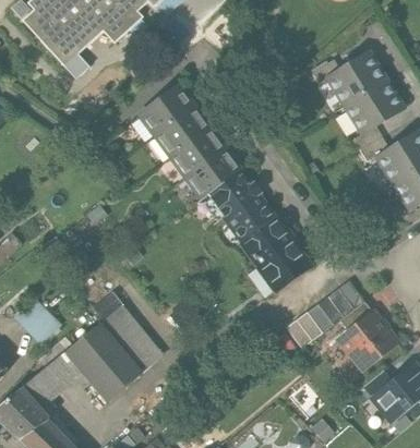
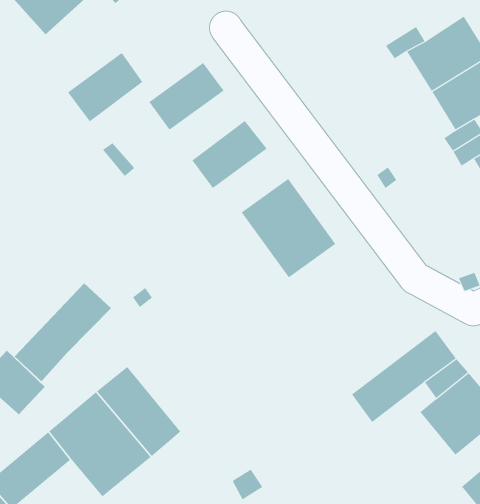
building: [154,104,209,155] -> [67,52,143,122]
building: [185,146,241,197] -> none
building: [241,216,311,290] -> none
building: none -> [14,282,112,382]

